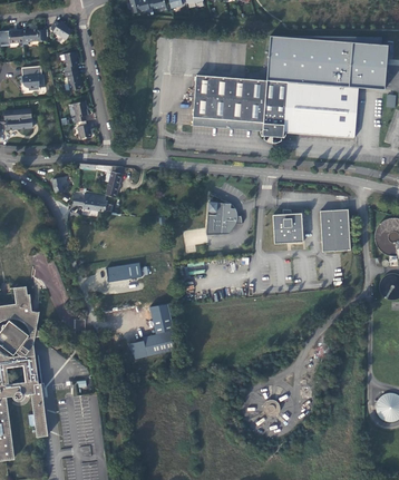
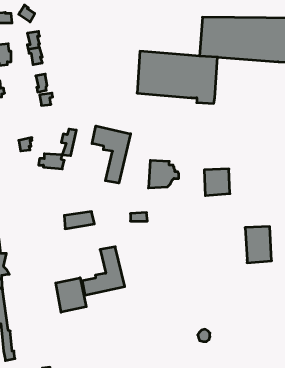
building: [283,81,358,137] -> none
building: none -> [92,126,131,183]
building: [318,209,349,252] -> [245,227,272,263]
building: none -> [56,278,86,312]

